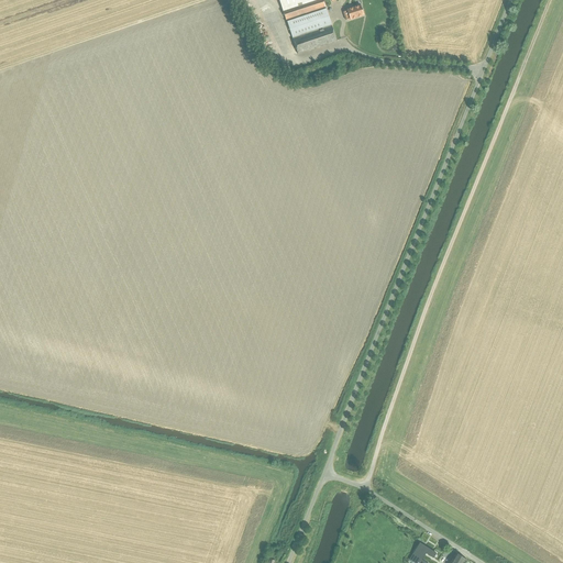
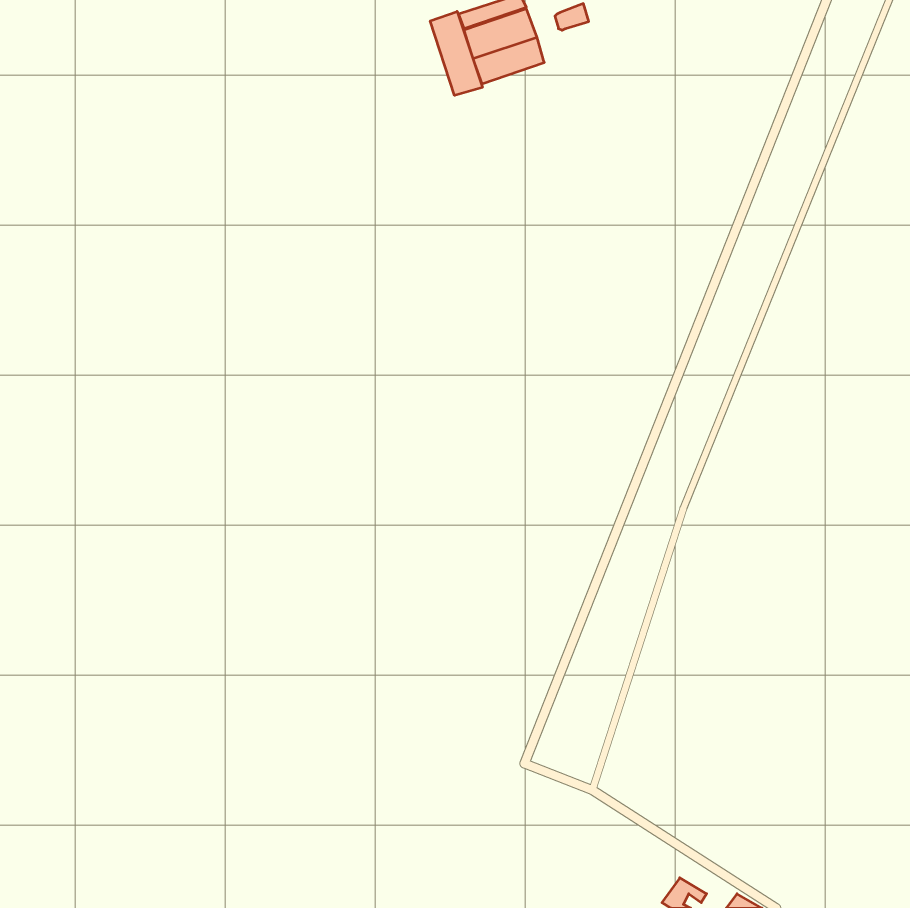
building: none -> [430,11,482,95]

